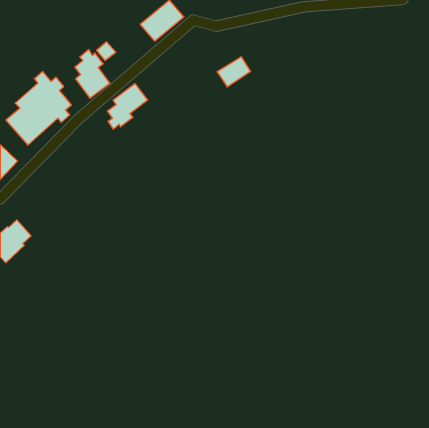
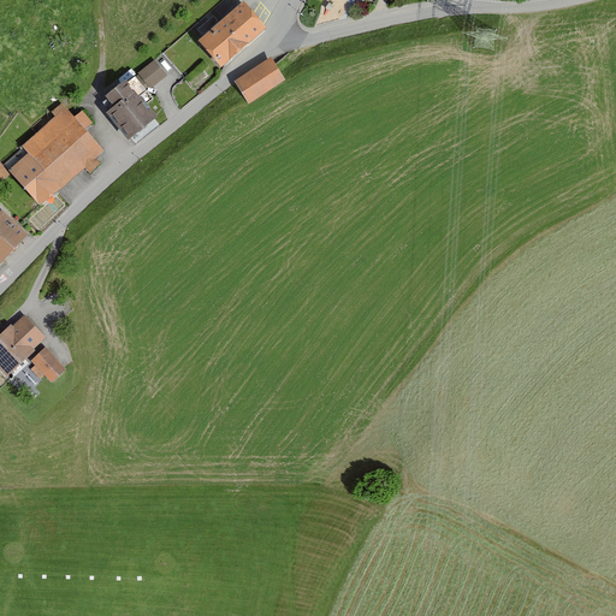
building: [217,57,251,87] -> [236,57,284,100]
building: [108,84,148,129] -> none
building: none -> [29,348,66,383]

